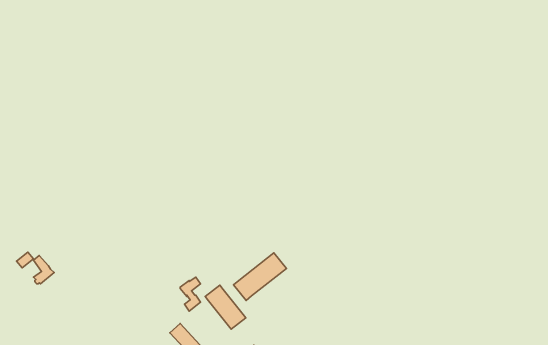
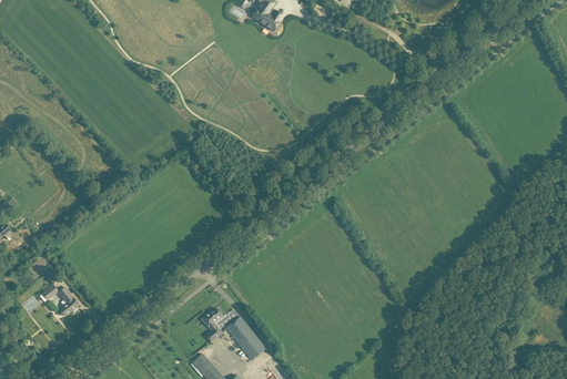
building: [233,253,287,300] -> none

